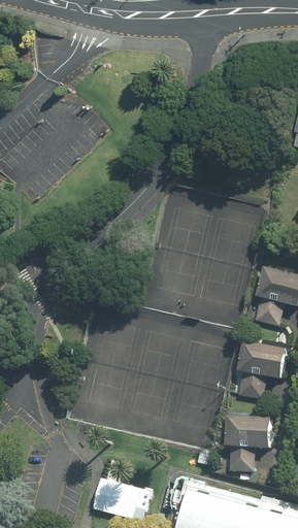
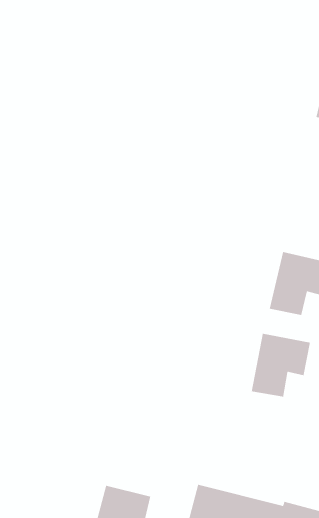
building: [223,417,269,471] -> none

